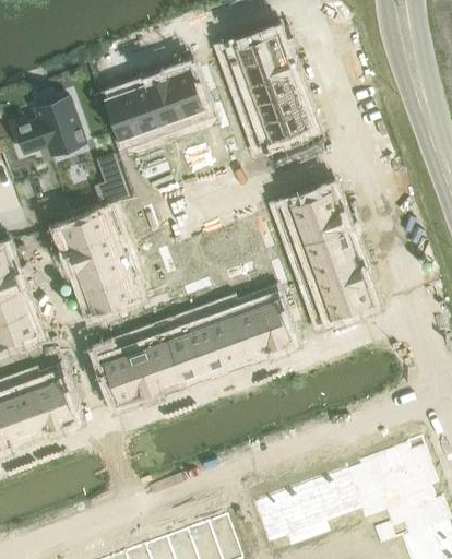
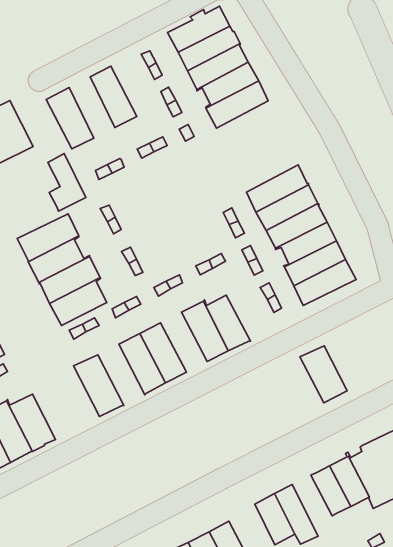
building: [167,69,207,127] -> none
building: [126,84,164,142] -> none
building: [249,296,289,349] -> [300,346,347,403]
building: [185,314,224,371] -> none
building: [122,337,162,395] -> none
building: [289,481,328,539] -> none

